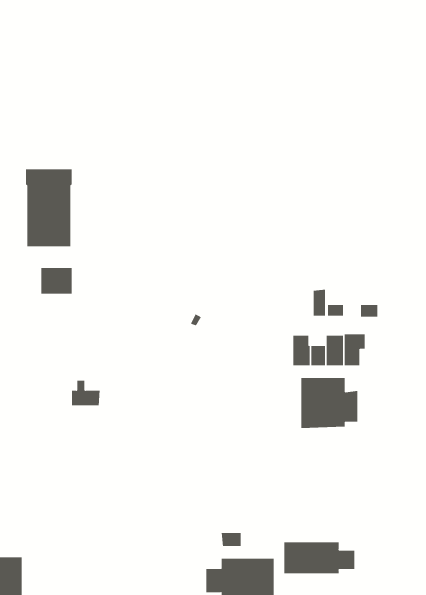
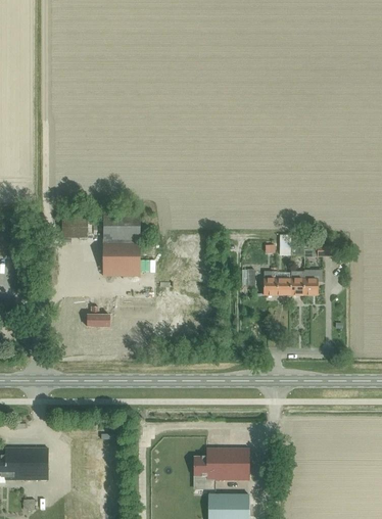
building: [25,169,72,247] -> [102,214,140,276]
building: [301,377,358,429] -> none
building: [284,541,355,574] -> none

